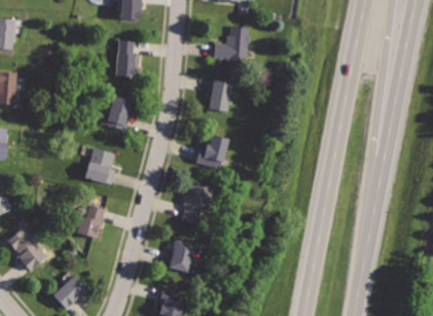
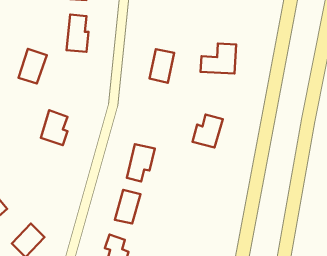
building: [209,28,249,62] -> [201,43,236,74]
building: [103,94,135,133] -> [19,49,47,83]
building: [193,133,227,170] -> [193,115,223,147]
building: [75,206,104,239] -> none

